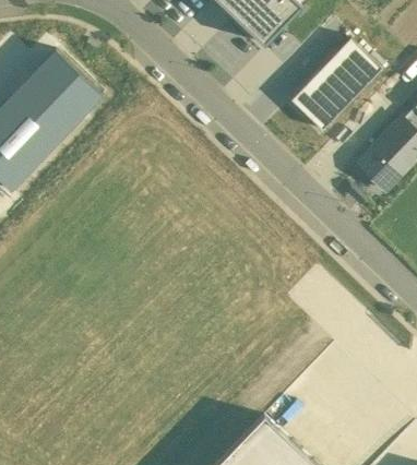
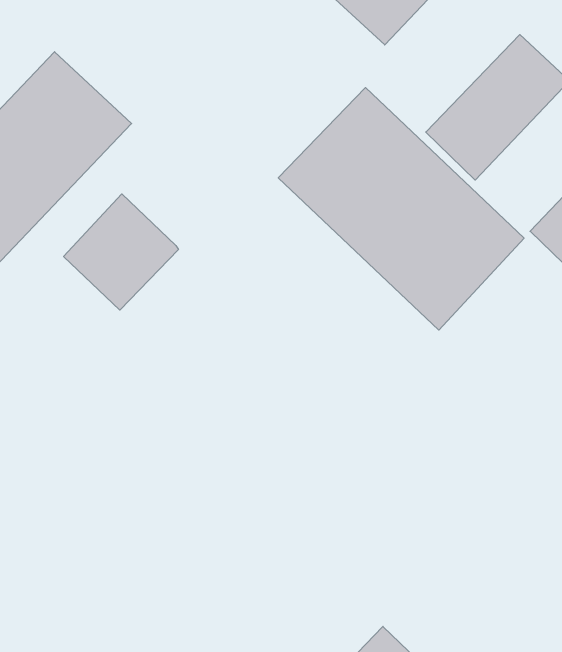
building: none -> [278,88,524,330]
building: none -> [64,194,178,310]

